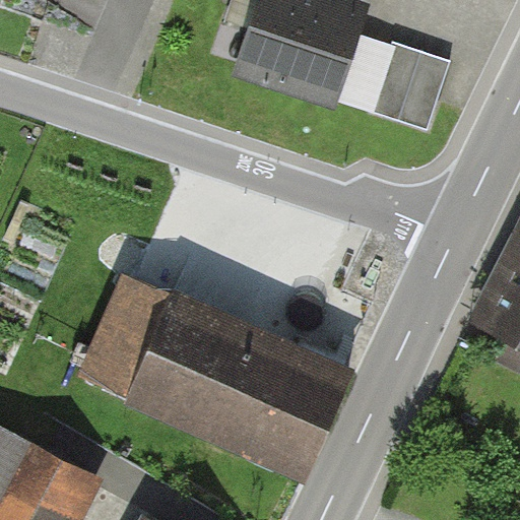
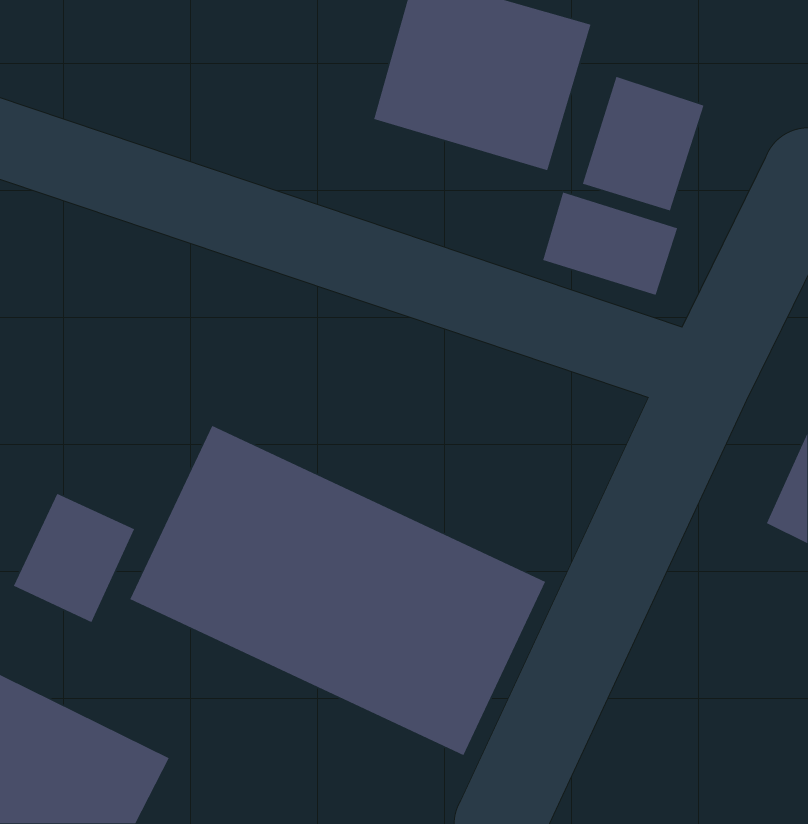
building: none -> [542,192,678,296]
building: none -> [13,493,135,623]

